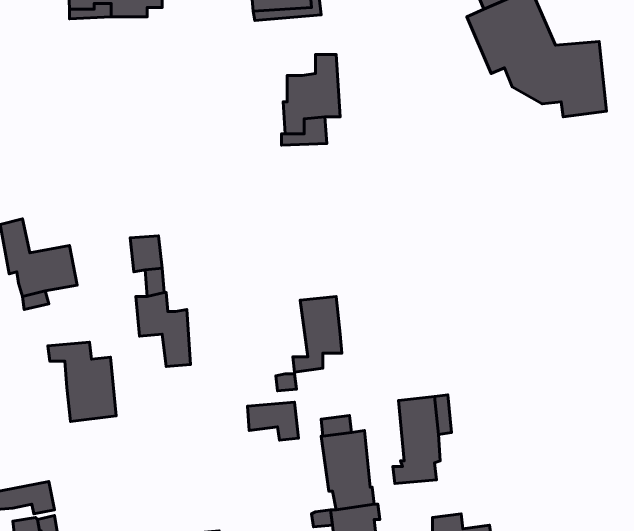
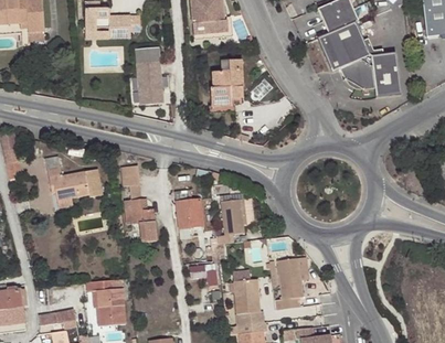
building: none -> [135,49,162,104]
building: none -> [174,190,203,238]
building: [48,342,116,421] -> [86,280,126,326]

